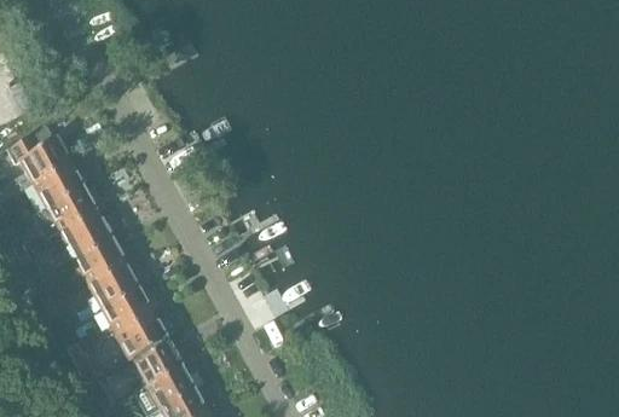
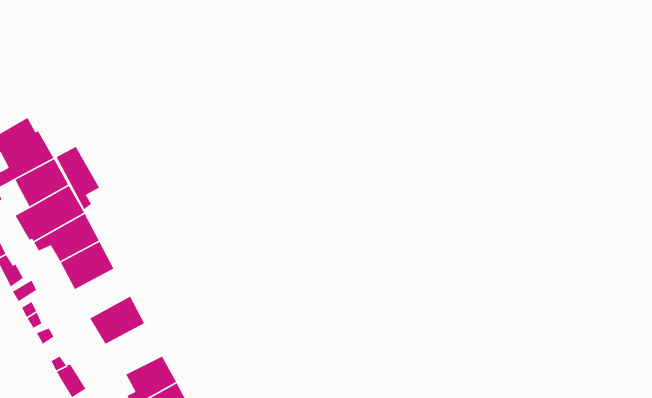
building: none -> [55,146,100,210]
building: [93,268,144,313] -> none
building: [121,318,170,363] -> none

